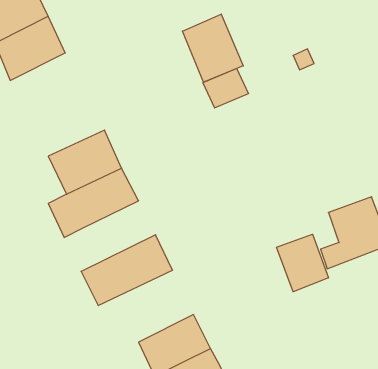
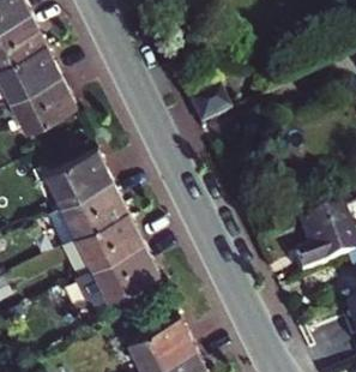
building: [182,14,243,82] -> none
building: none -> [11,72,77,127]
building: none -> [60,208,144,272]
building: [276,234,328,292] -> none

